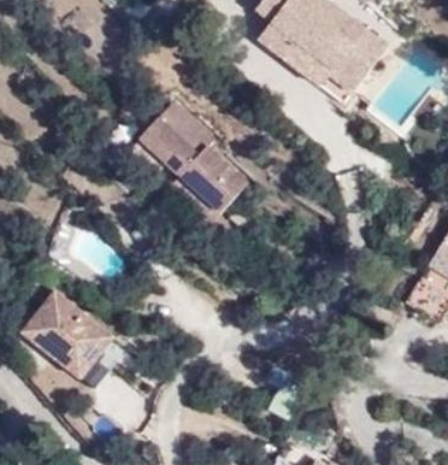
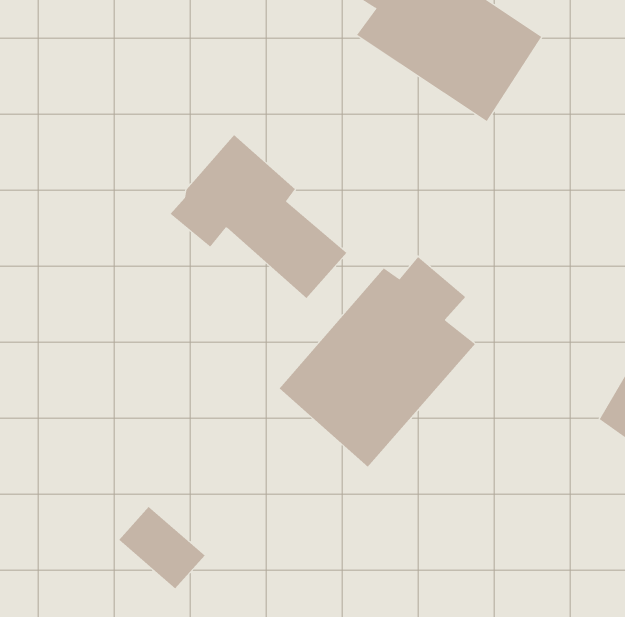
building: none -> [279,256,476,468]
building: [23,275,122,366] -> none

